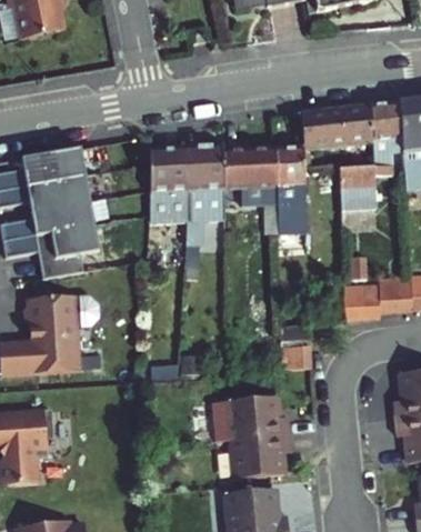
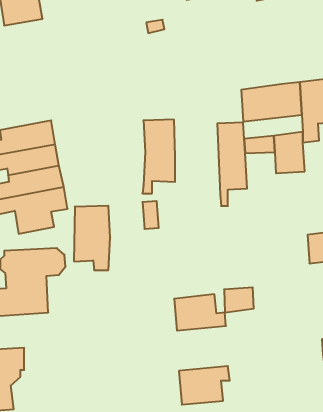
building: [223,145,277,233] -> none
building: [148,148,190,222] -> [74,206,110,270]
building: [344,280,380,315] -> none
building: [225,395,285,438] -> [174,294,226,331]

